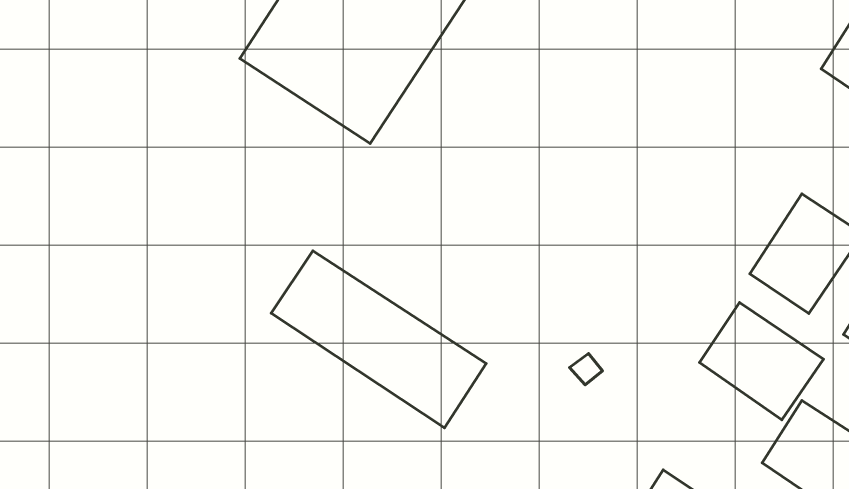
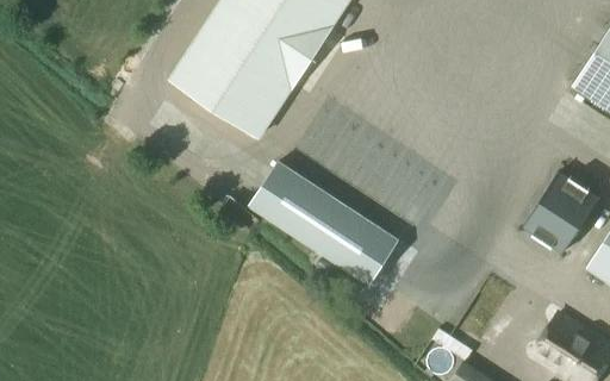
building: [271,251,486,428] -> [249,162,397,283]
building: [699,303,824,420] -> none

